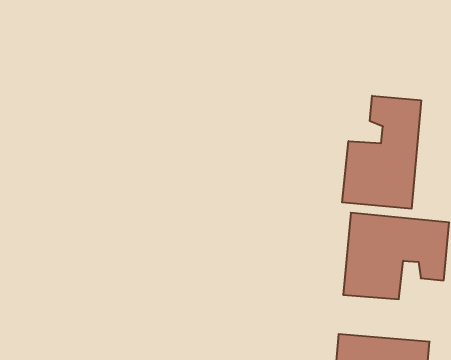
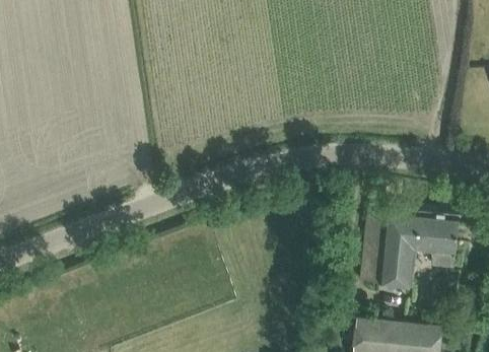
building: [342,96,421,209] -> none

